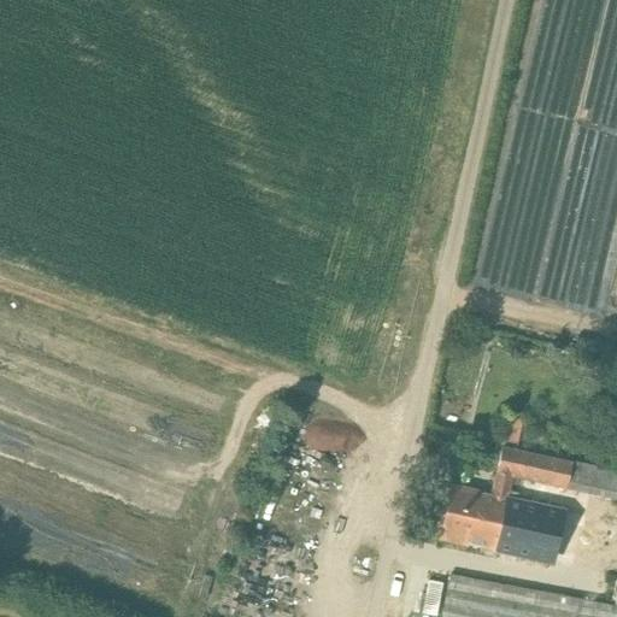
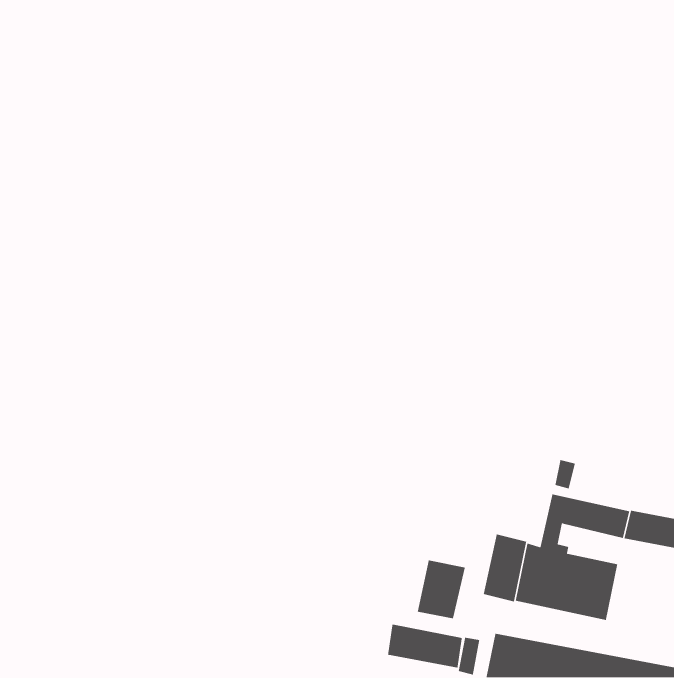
building: none -> [417,560,466,620]
building: none -> [387,623,463,668]

